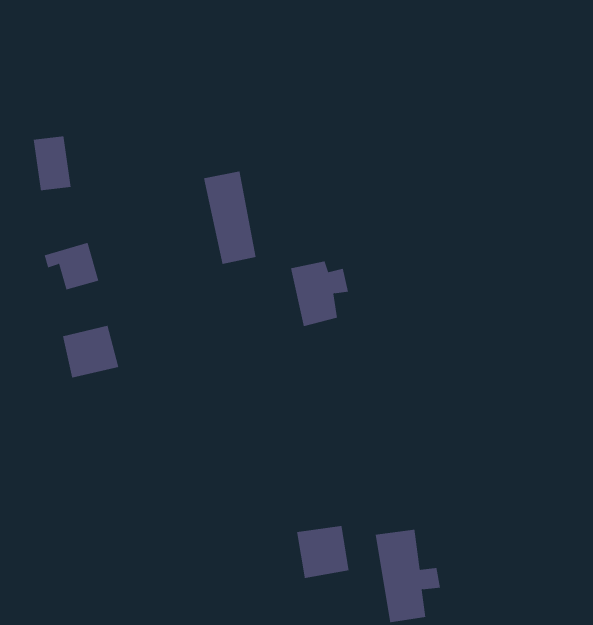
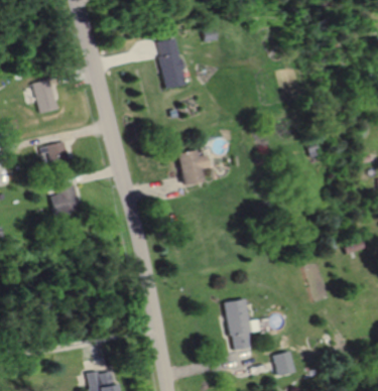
building: [203,171,257,264] -> [156,38,185,90]
building: [297,525,349,579] -> none

